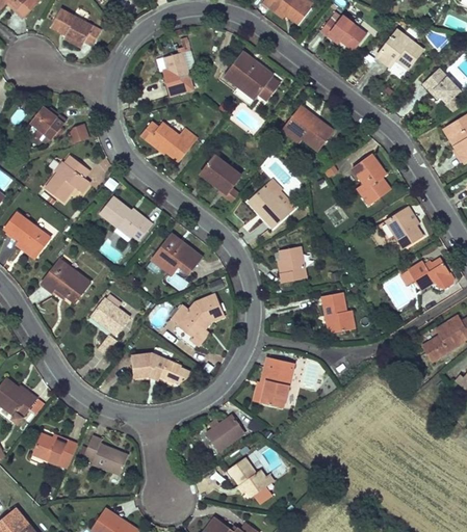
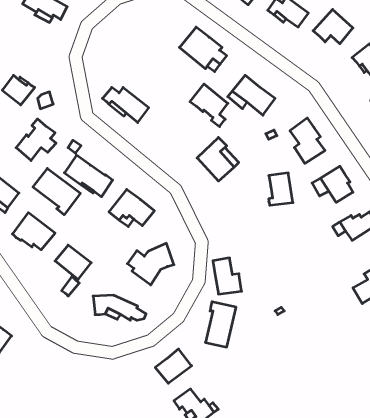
building: [158,49,196,92] -> none
building: [200,154,242,202] -> [190,84,228,127]
building: none -> [33,168,80,215]
building: [278,245,305,282] -> [269,173,293,205]
building: [321,291,354,331] -> [213,258,242,294]
building: [33,430,77,462] -> none
building: [83,431,128,474] -> none

